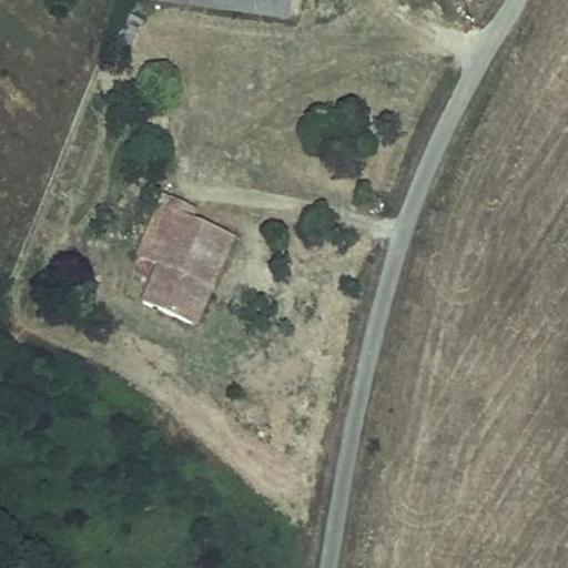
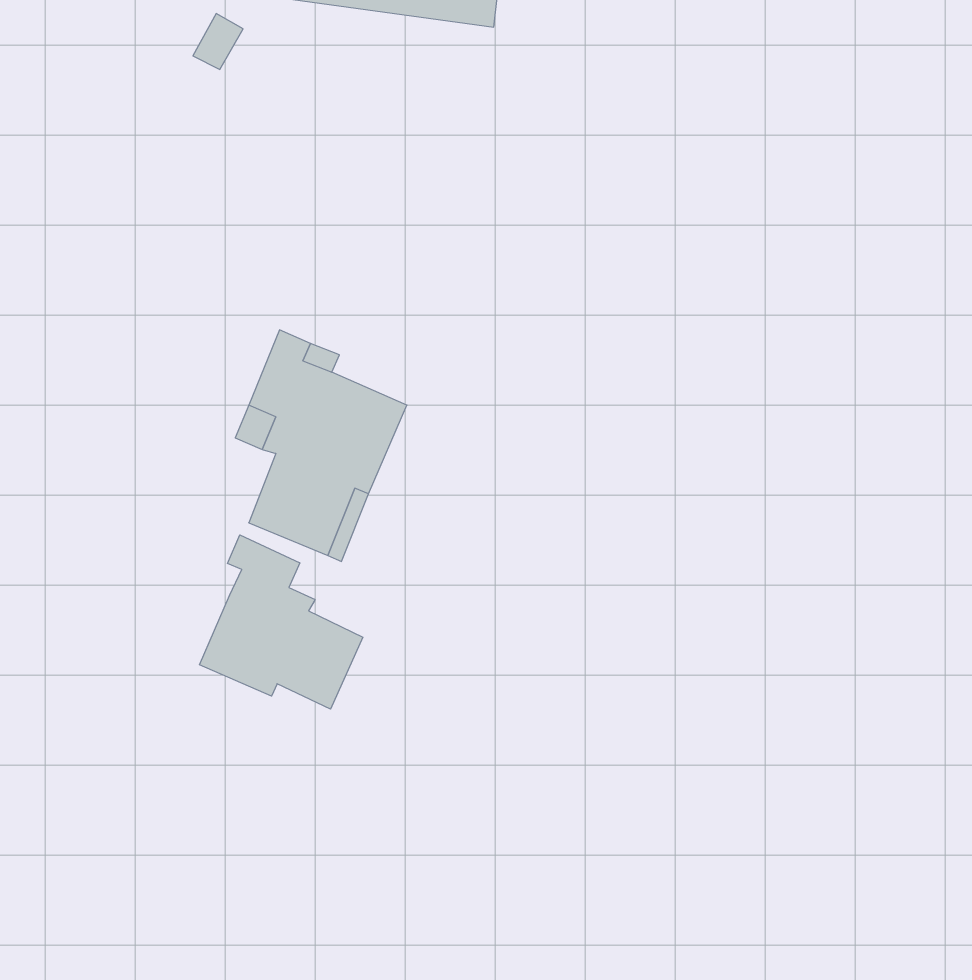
building: none -> [200,535,363,709]

